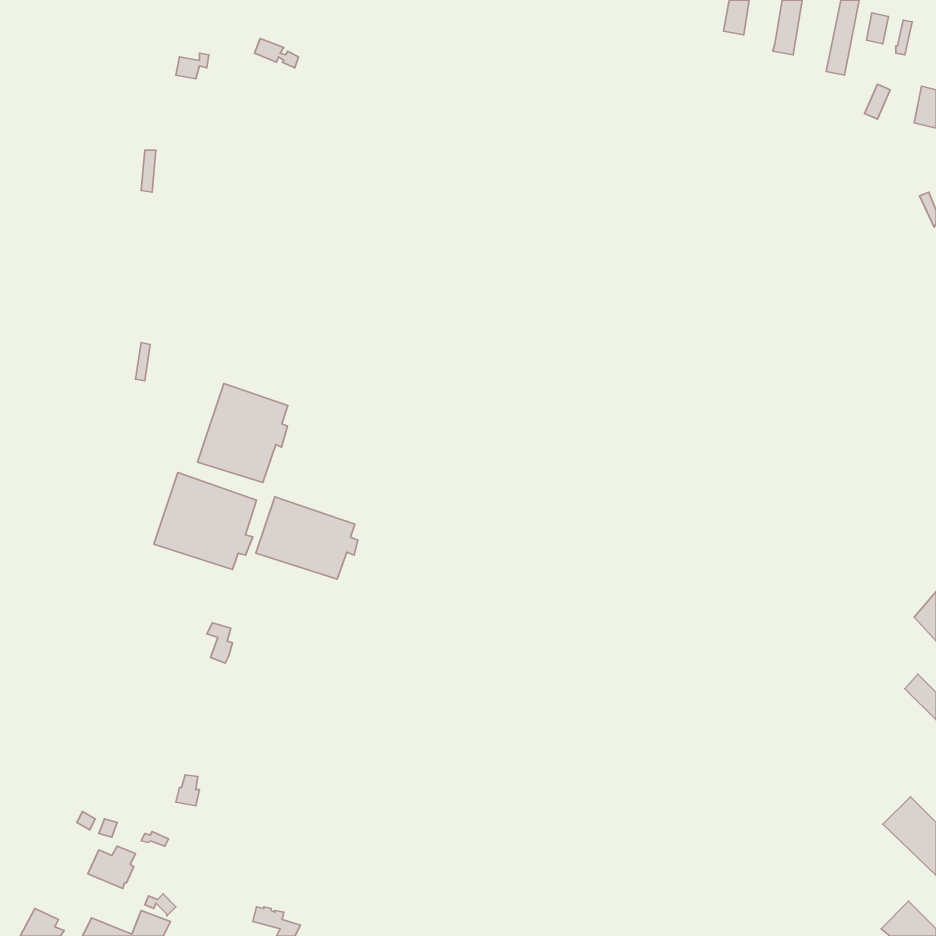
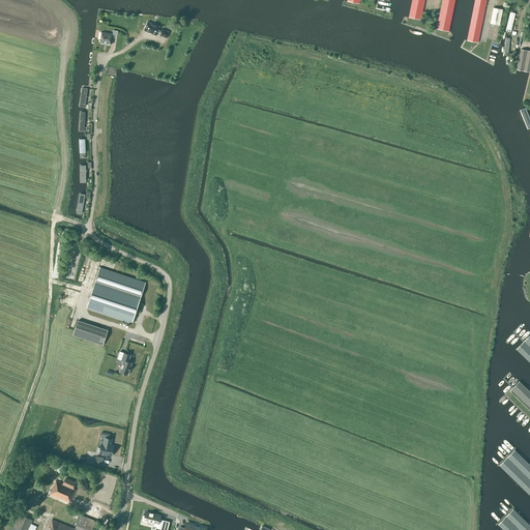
building: [198,383,288,483] -> none
building: [256,497,358,579] -> none
building: none -> [72,320,108,345]

